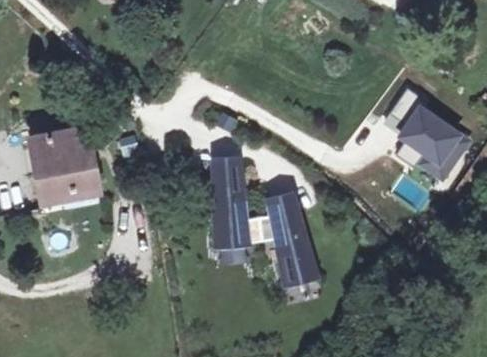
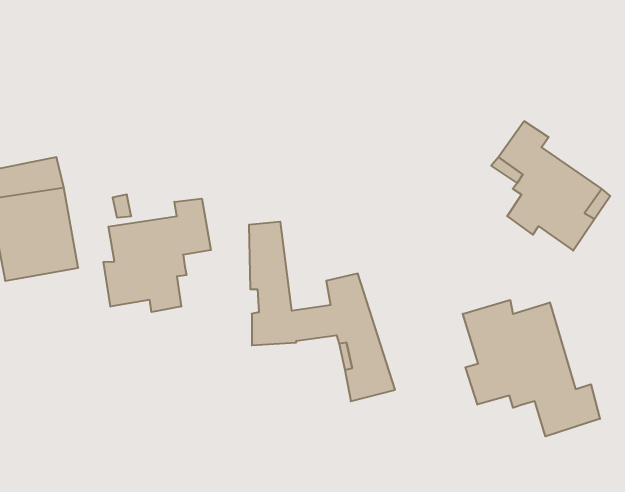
building: none -> [103,199,211,312]
building: none -> [463,300,600,436]

